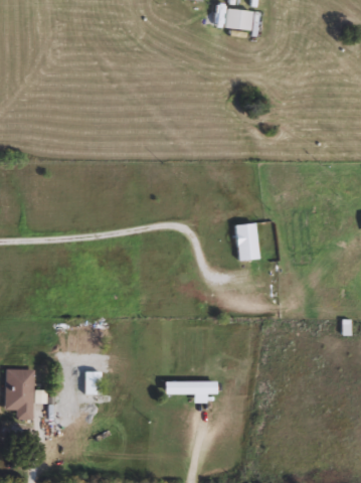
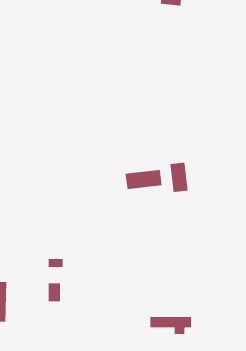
building: none -> [125,169,162,190]
building: [163,380,215,403] -> [149,316,192,334]

